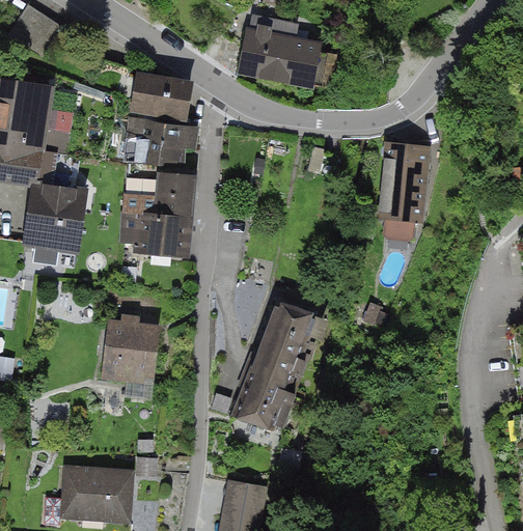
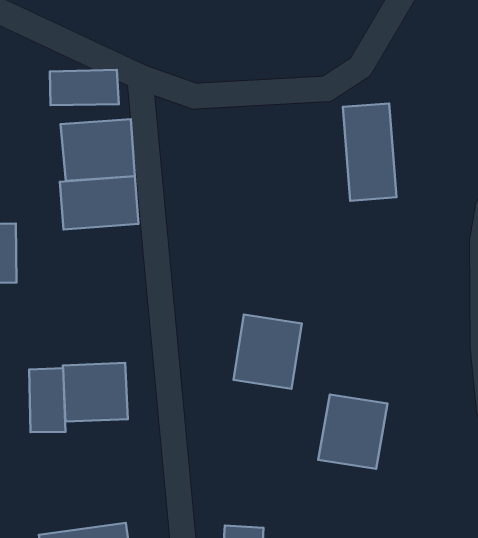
building: [231,29,322,87] -> none
building: [122,208,191,256] -> none
building: none -> [29,368,66,432]
building: [233,361,301,431] -> [318,394,388,469]

